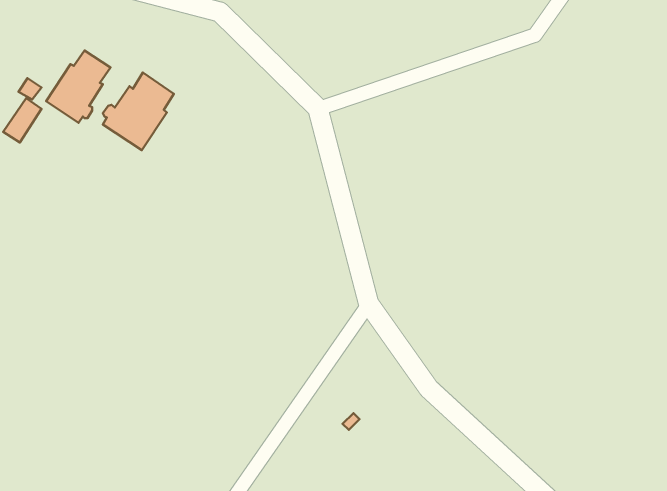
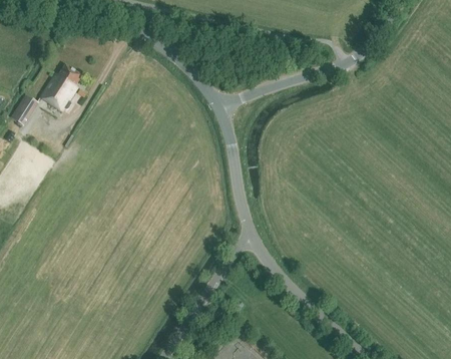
building: [103,73,174,150] -> none

